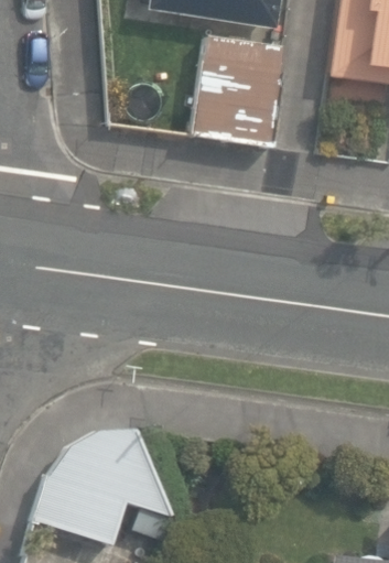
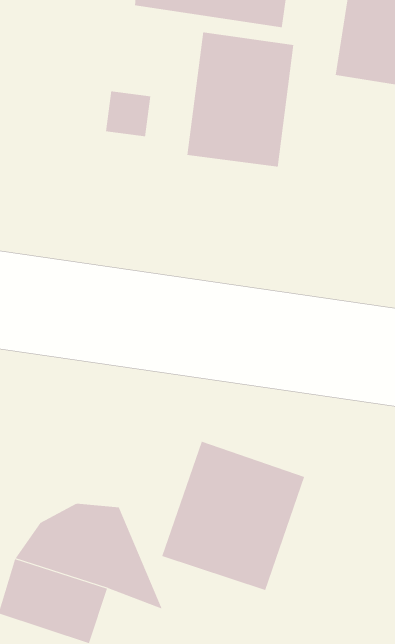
building: none -> [162,441,305,591]

